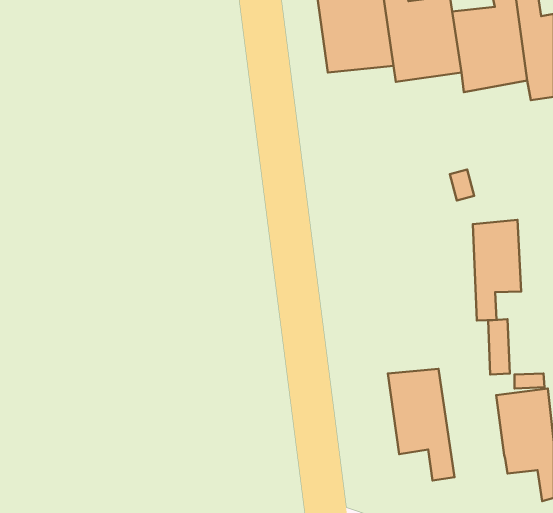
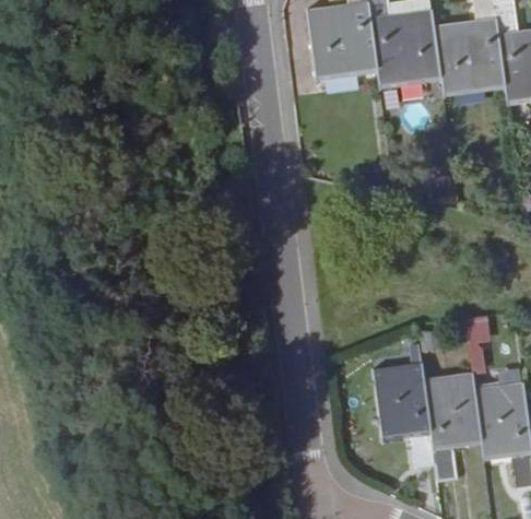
building: [473,220,521,321] -> none
building: none -> [424,369,484,481]

